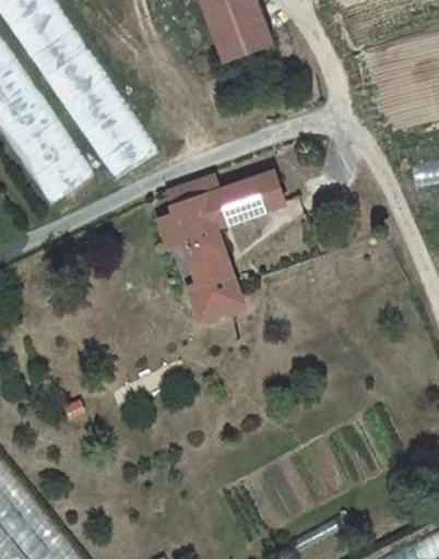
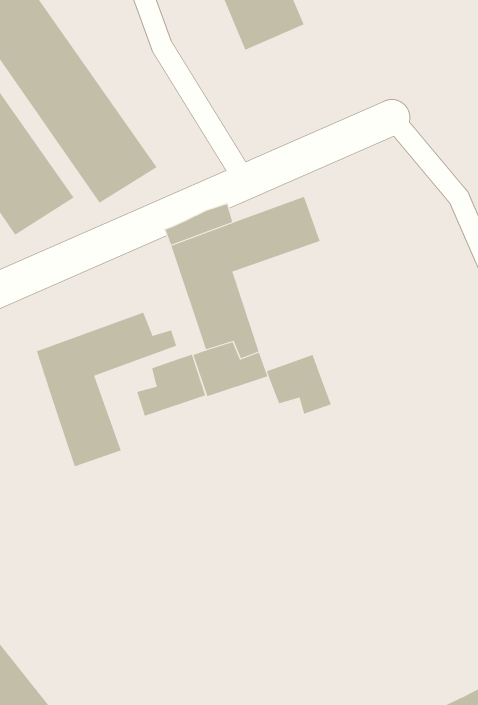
building: none -> [36,312,177,467]
building: none -> [137,354,206,416]
building: none -> [266,354,332,414]

